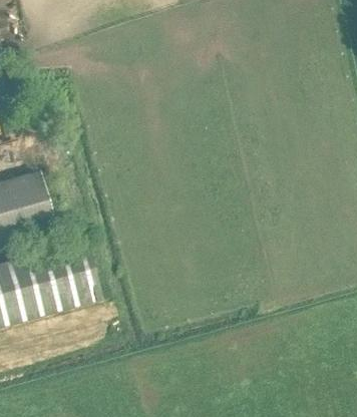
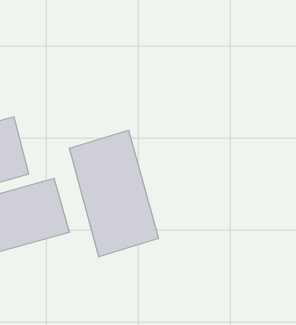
building: none -> [70,130,158,257]

